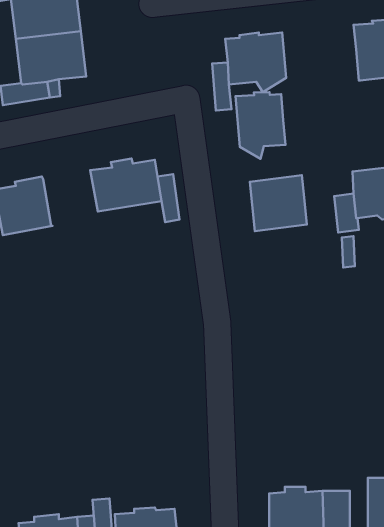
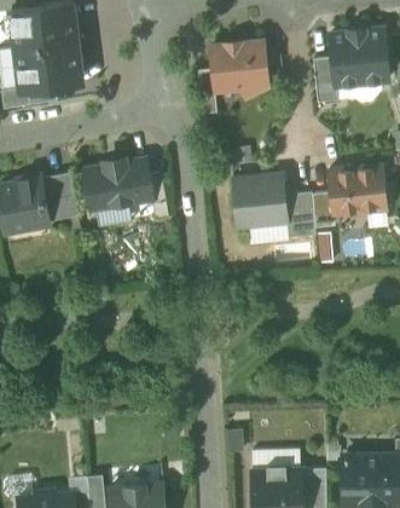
building: none -> [313,57,338,102]
building: [236,92,286,159] -> none
building: none -> [41,172,77,221]
building: none -> [284,191,315,237]

